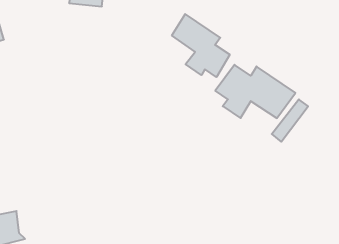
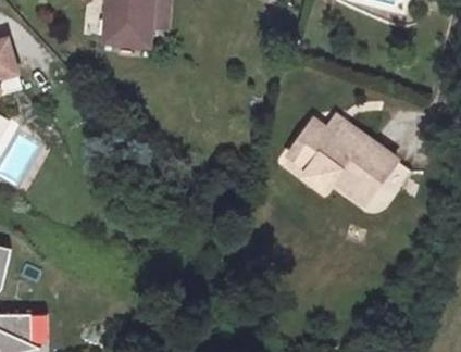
building: [172,14,230,77] -> none

